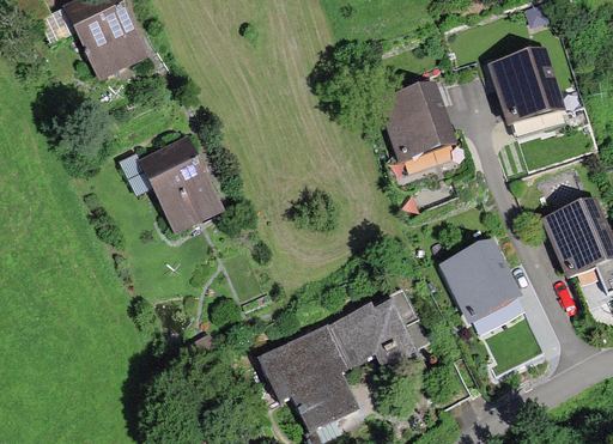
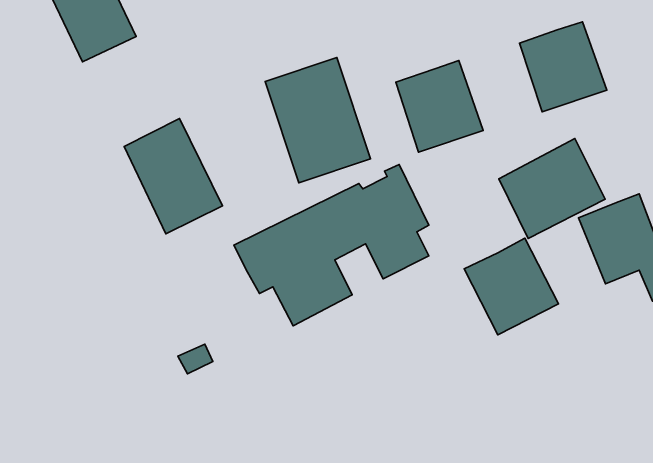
building: none -> [265,57,371,183]
building: none -> [499,139,605,238]
building: [256,288,430,432] -> [234,165,429,326]

